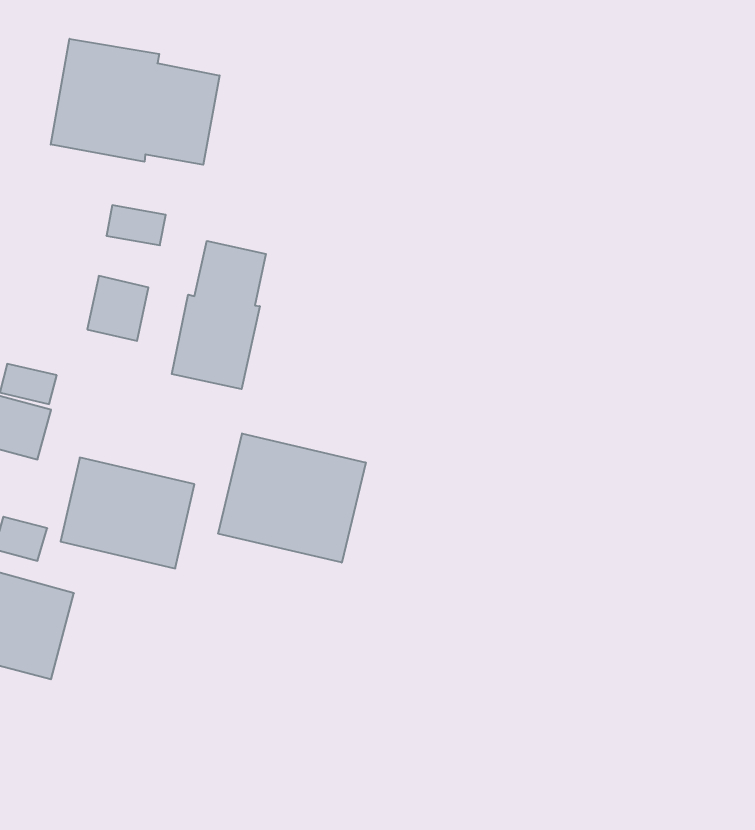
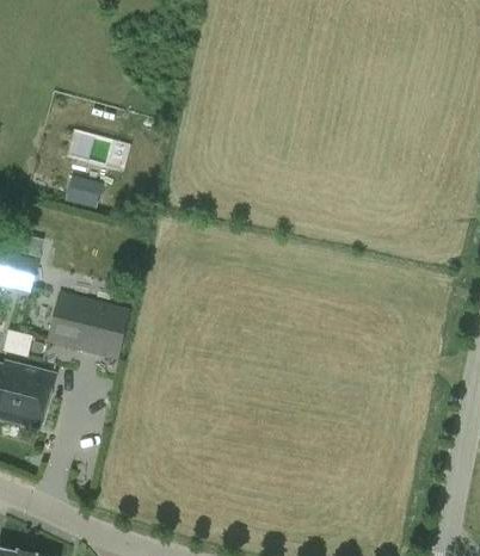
building: [51,39,220,165] -> none
building: [172,241,266,389] -> none
building: [218,433,366,563] -> none

